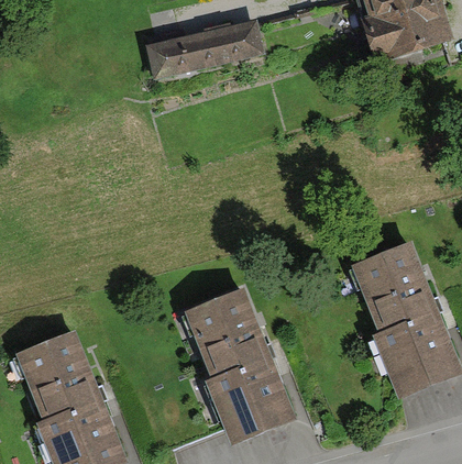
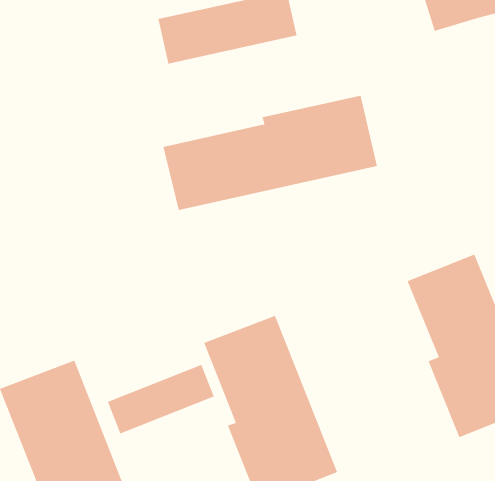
building: none -> [163,95,378,211]
building: none -> [107,364,215,435]

